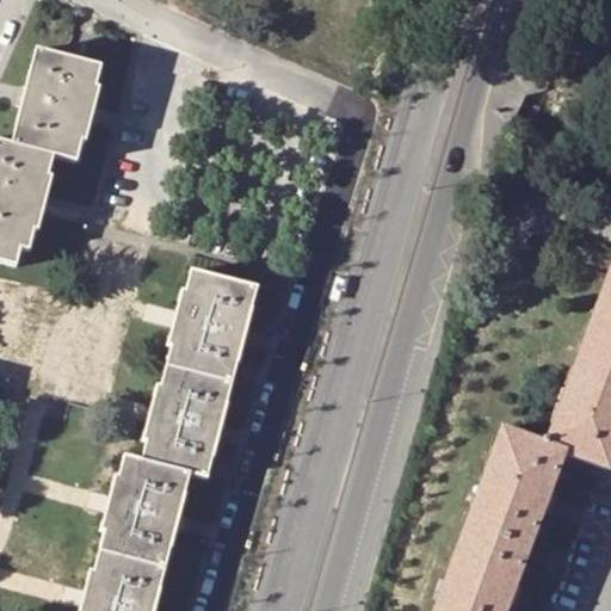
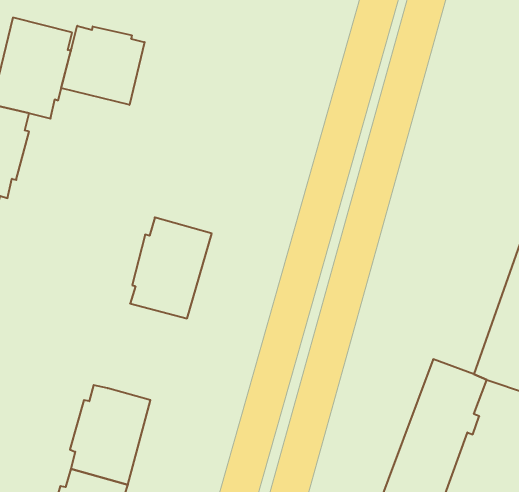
building: none -> [61,26,145,105]
building: [142,368,230,479] -> none

